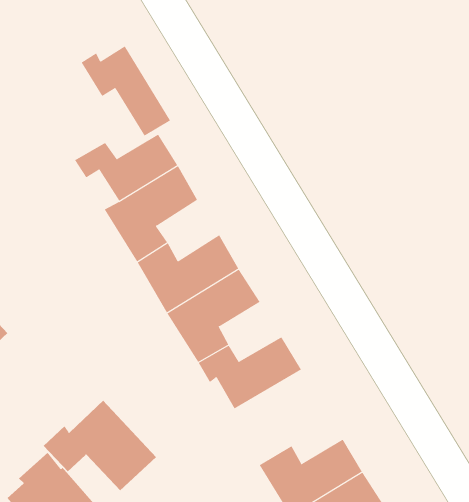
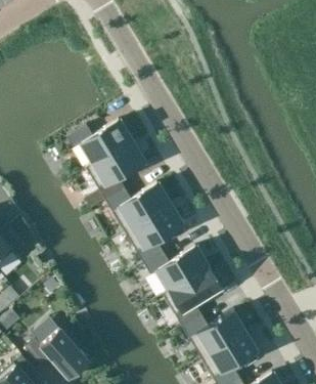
building: [81,46,171,136] -> none
building: none -> [163,267,221,327]
building: [43,400,157,491] -> none

